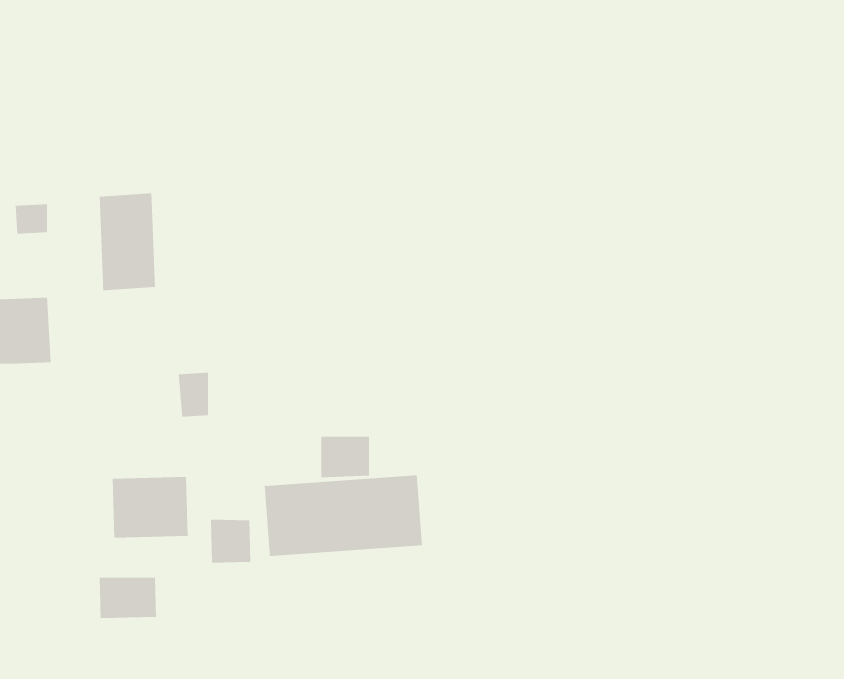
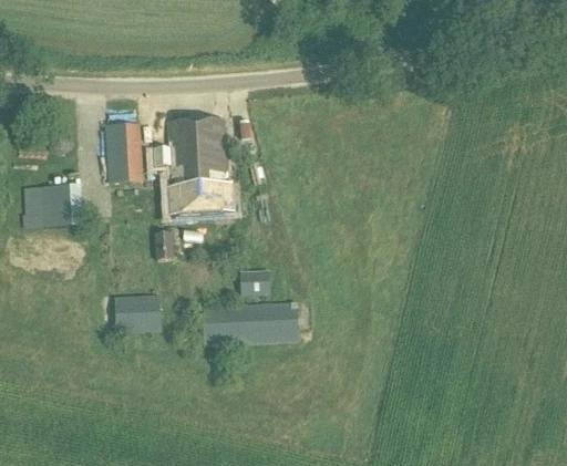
building: none -> [153,120,231,215]
building: [210,519,251,563] -> none
building: [99,577,157,619] -> none

